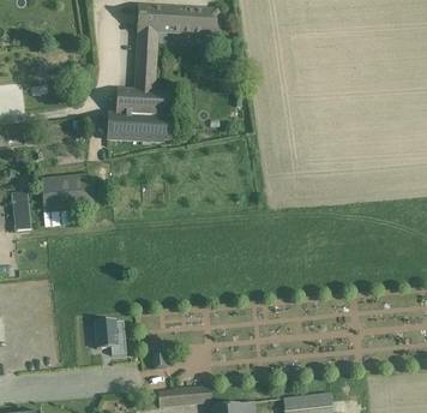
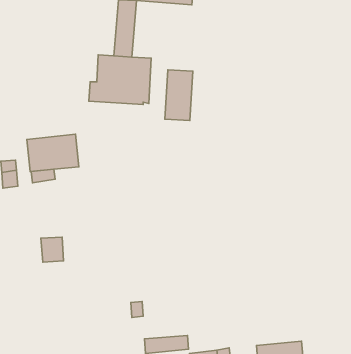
building: none -> [165,70,193,120]
building: [94,318,118,345] -> [41,237,63,262]

